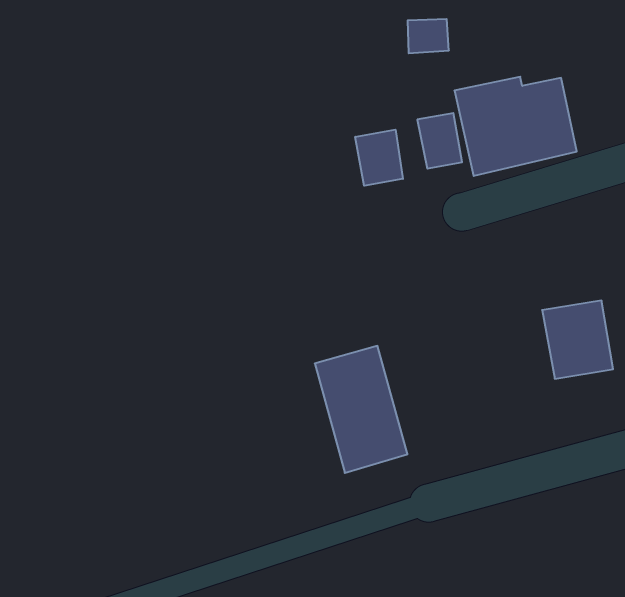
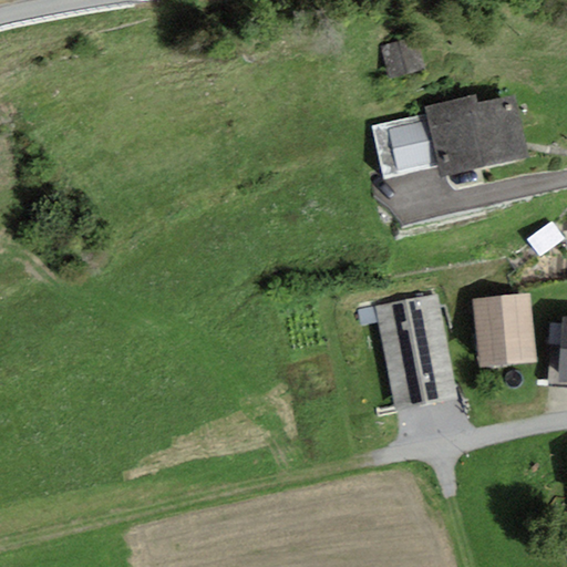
building: [355,130,403,186] -> none
building: [315,346,408,473] -> [378,292,451,398]

